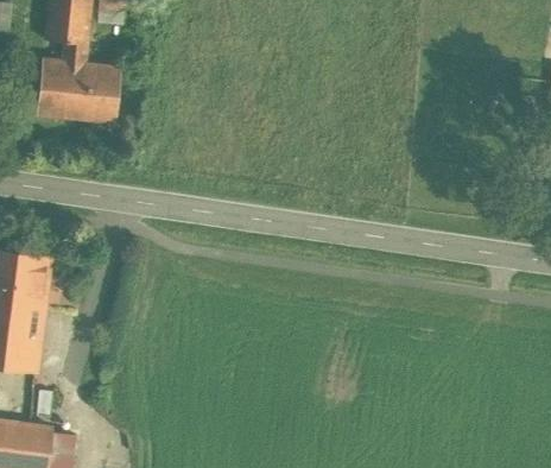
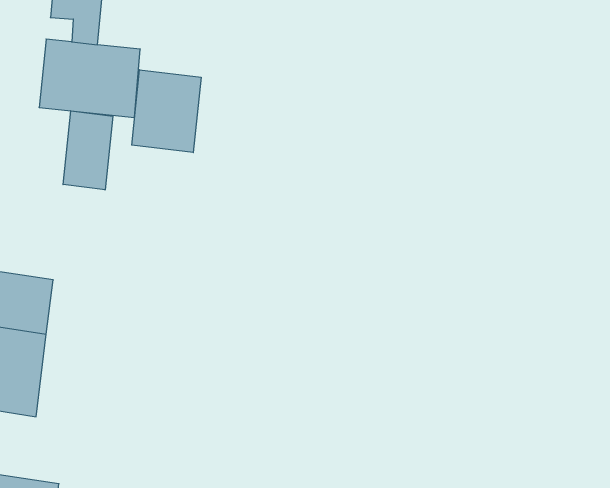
building: none -> [132,70,201,153]
building: none -> [63,111,113,190]

